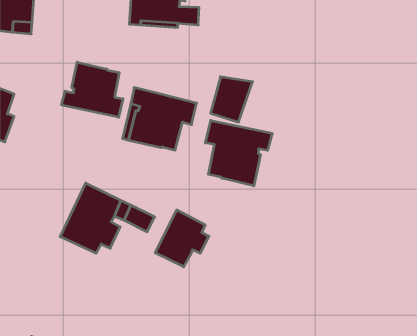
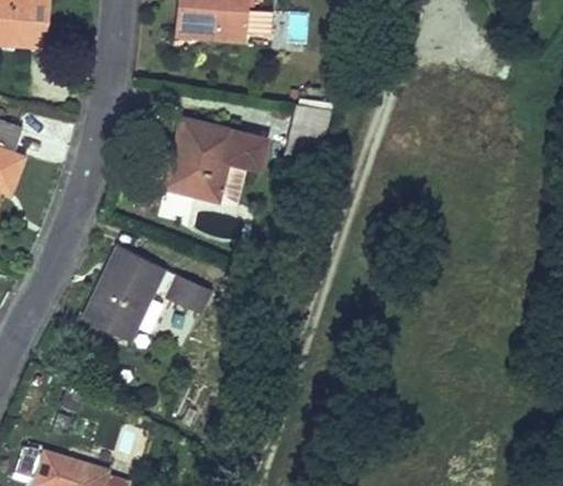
building: [62,62,123,117] -> none
building: [205,120,272,186] -> none
building: [155,210,209,267] -> none

